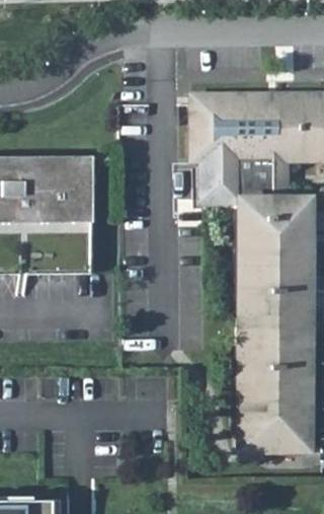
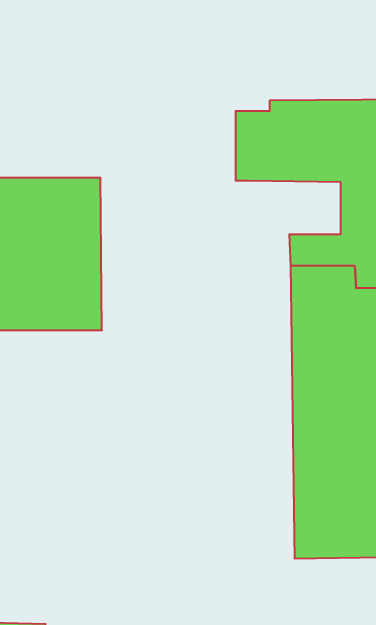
building: [206,158,276,200] -> none

